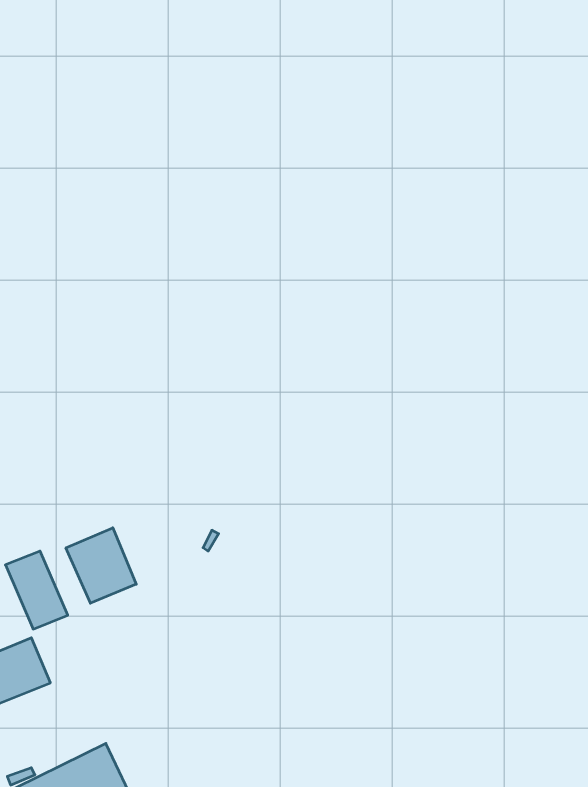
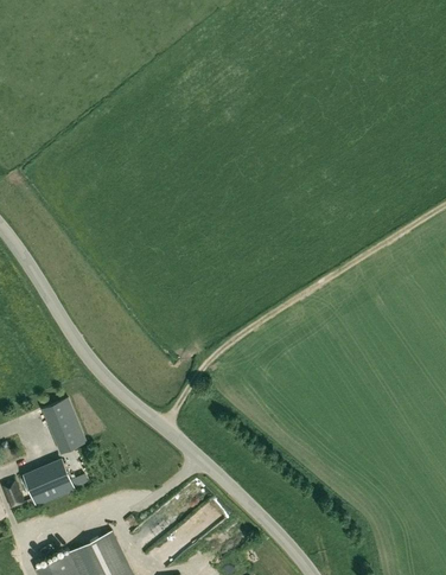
building: [66,528,136,603] -> none

